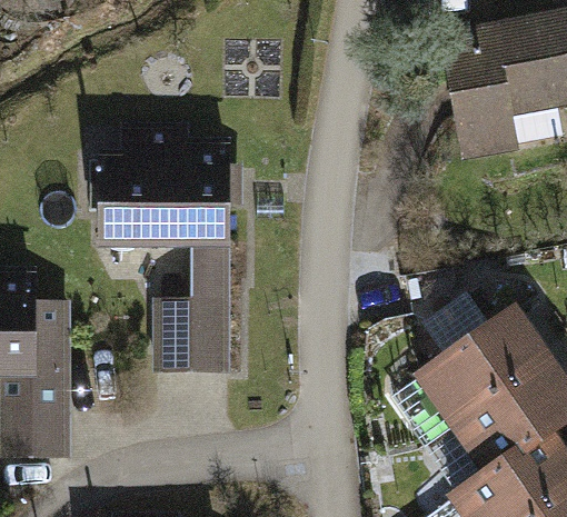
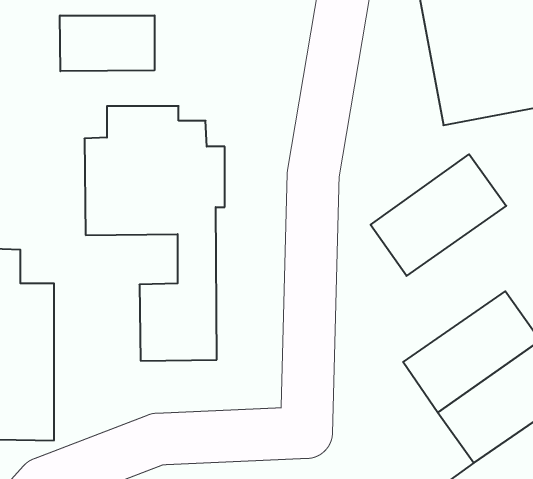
building: none -> [60,15,155,71]
building: none -> [371,154,506,276]

